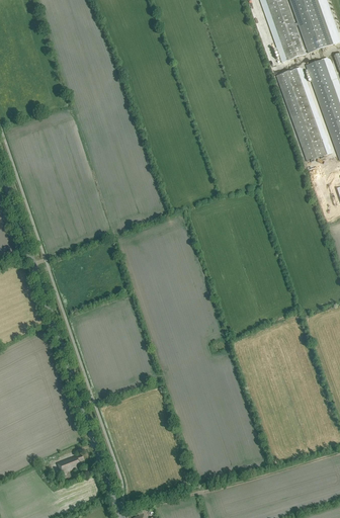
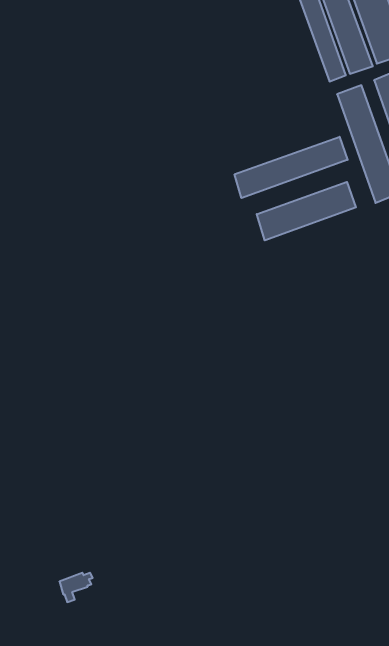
building: none -> [235,137,348,198]
building: none -> [257,182,356,240]

